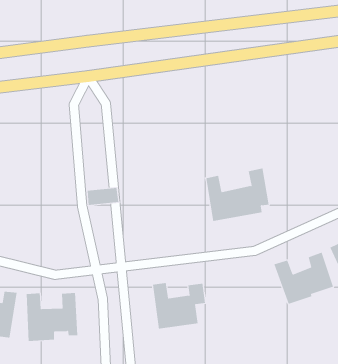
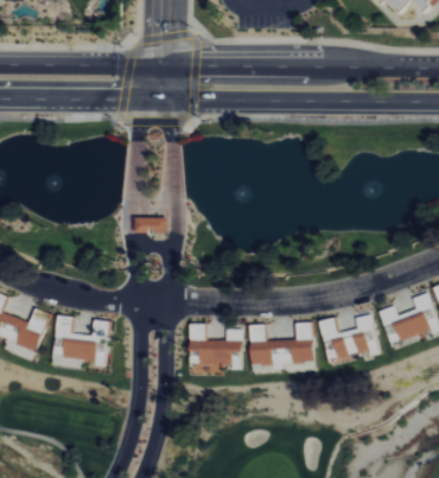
building: [205,168,269,222] -> [249,321,312,370]

